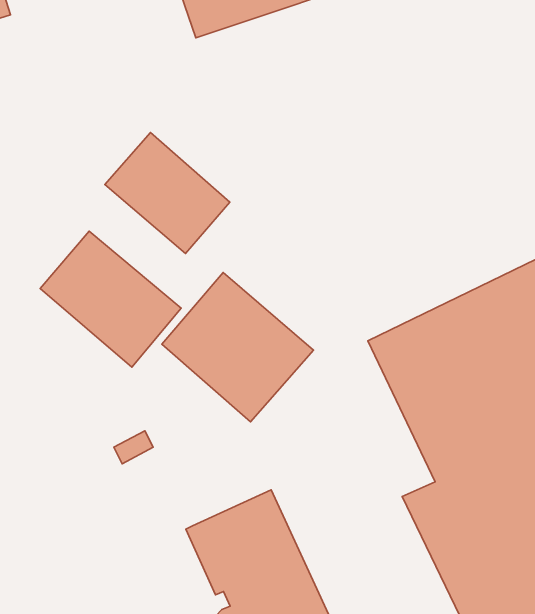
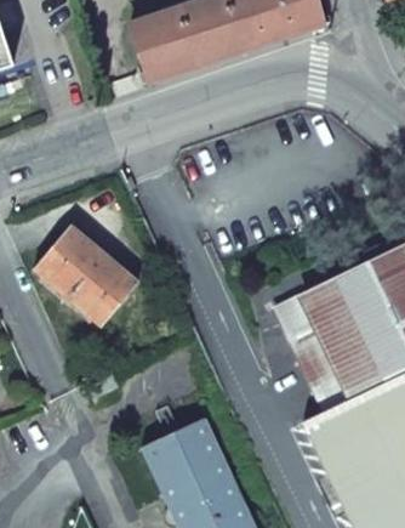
building: [105,133,230,254] -> none
building: [162,273,314,422] -> none

